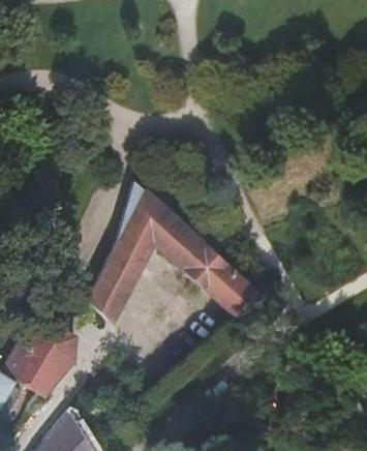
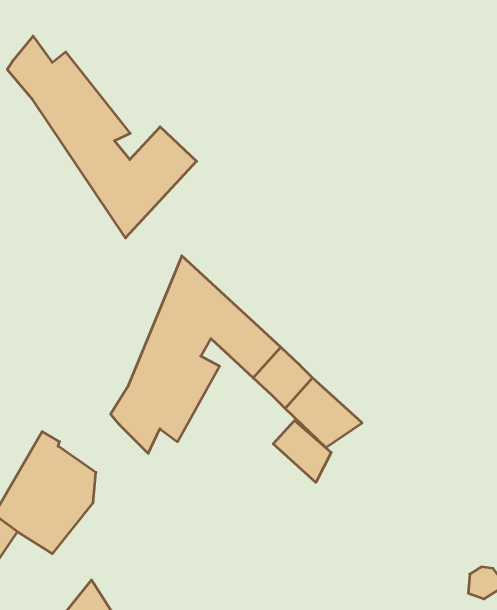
building: none -> [7,36,197,238]
building: none -> [273,421,331,482]

